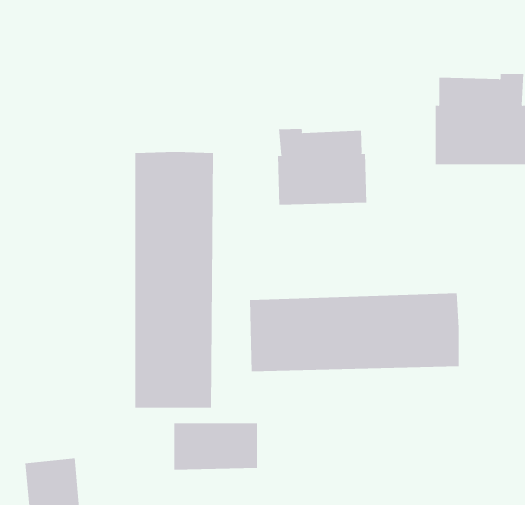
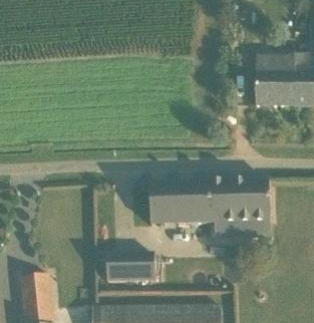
building: [278,128,367,205] -> none
building: [135,151,213,409] -> none

